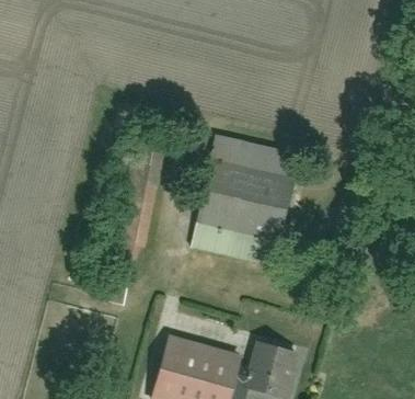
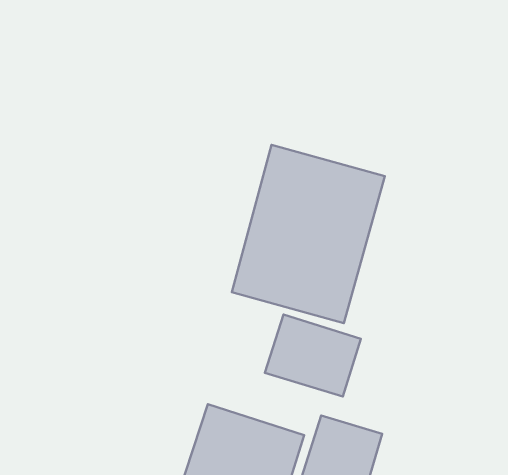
building: none -> [265,314,361,396]

